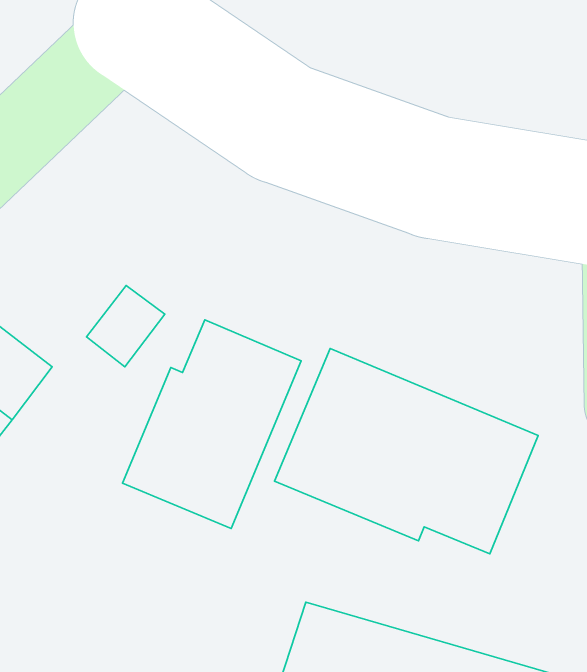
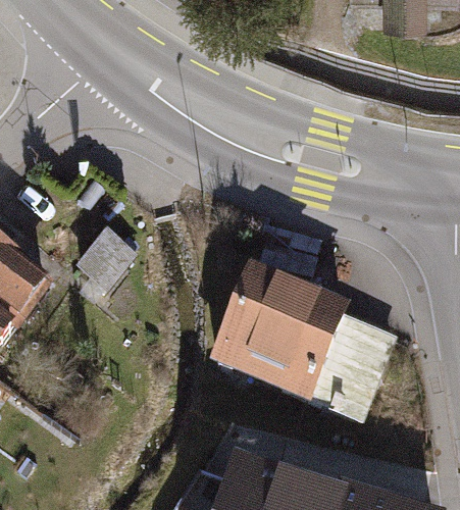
building: [122,320,301,528] -> none

